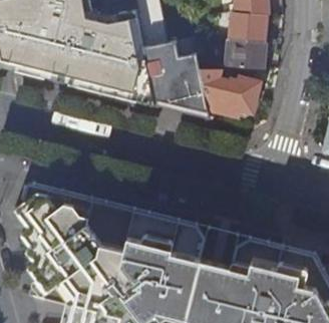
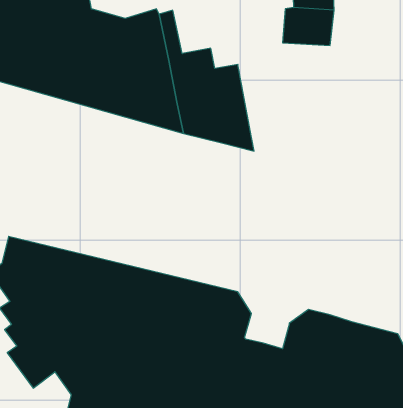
building: [227,38,264,68] -> none
building: [199,69,258,115] -> none

